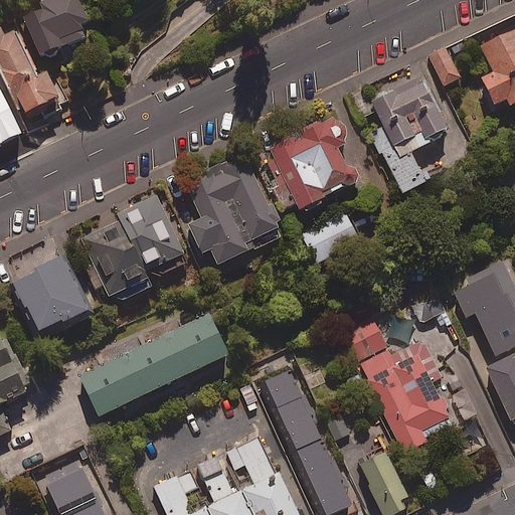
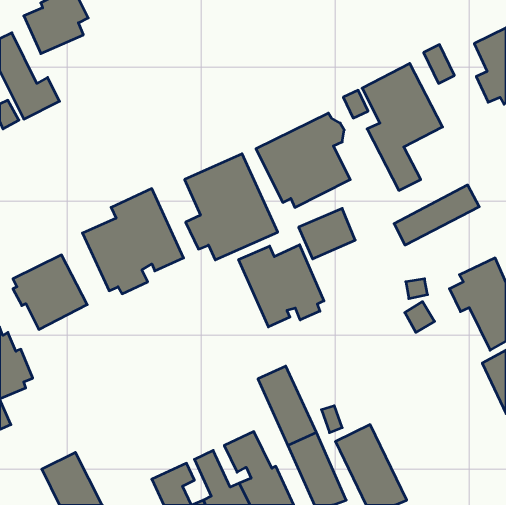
building: none -> [394,185,479,245]
building: none -> [239,245,324,327]
building: [349,310,453,454] -> none
building: [79,315,229,416] -> none

